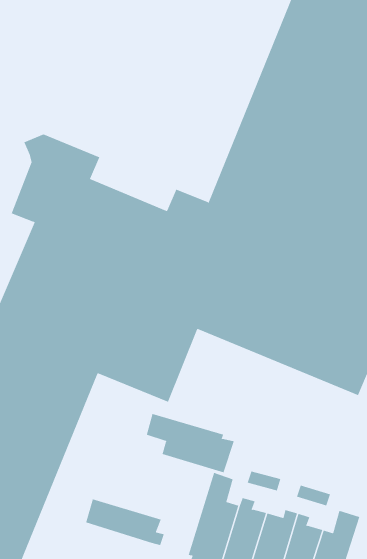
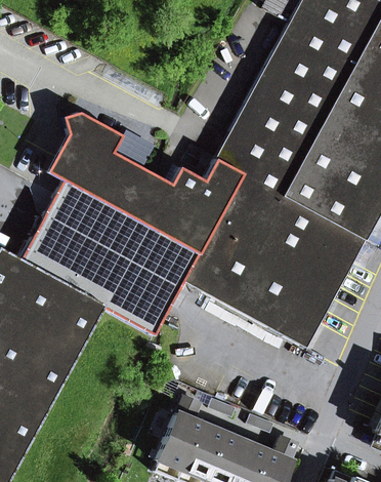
building: [146,413,234,473] -> none
building: [86,498,164,546] -> none

